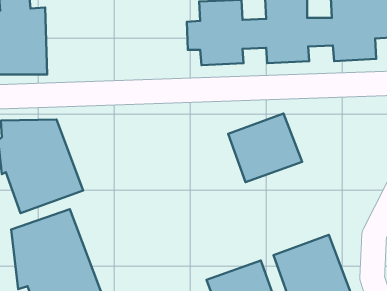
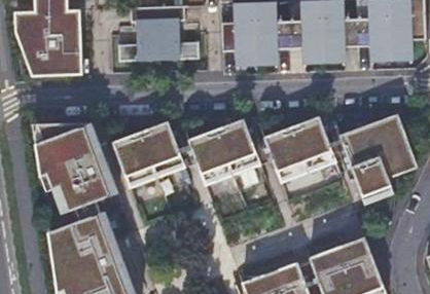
building: none -> [118,7,200,61]
building: none -> [338,112,418,205]
building: none -> [187,118,261,187]
building: none -> [111,120,185,189]

